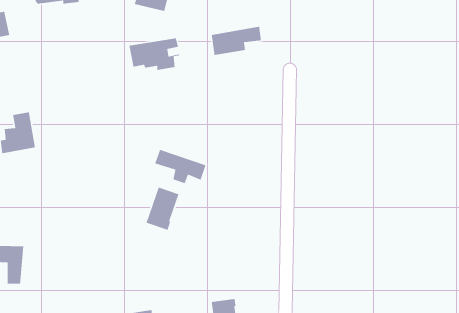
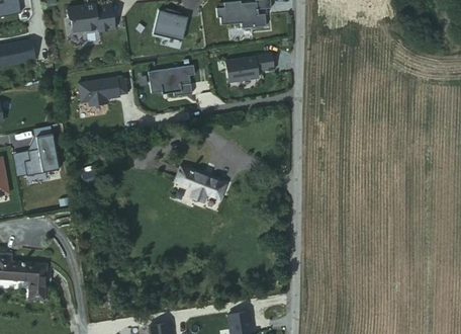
building: none -> [78,76,125,105]
building: [146,186,180,231] -> none

